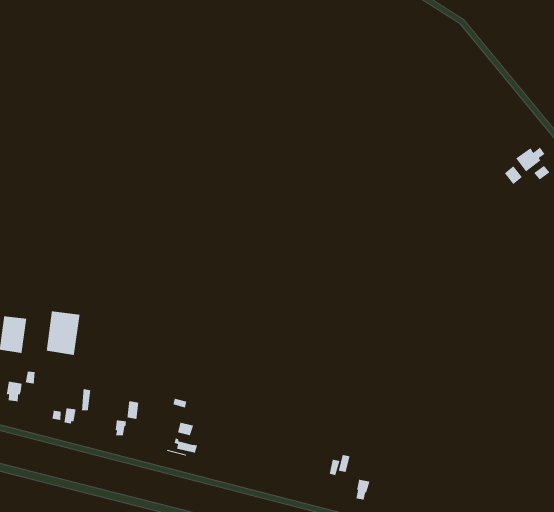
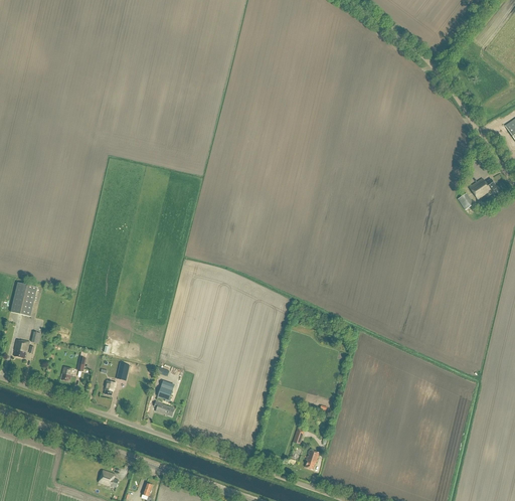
building: [46,310,80,356] -> none

